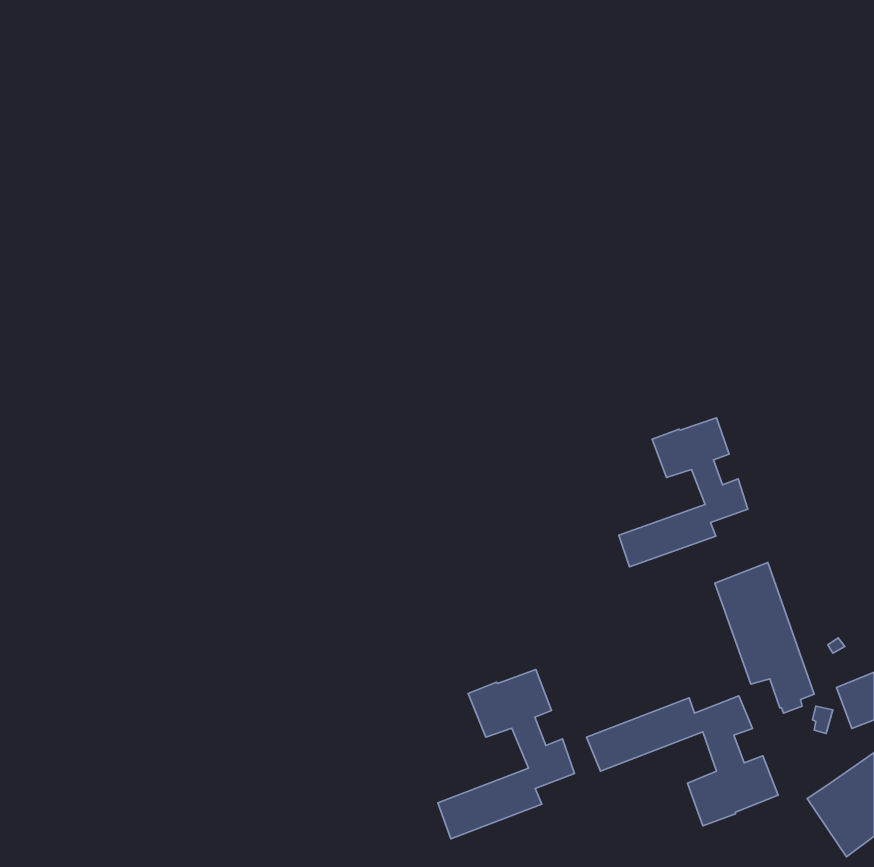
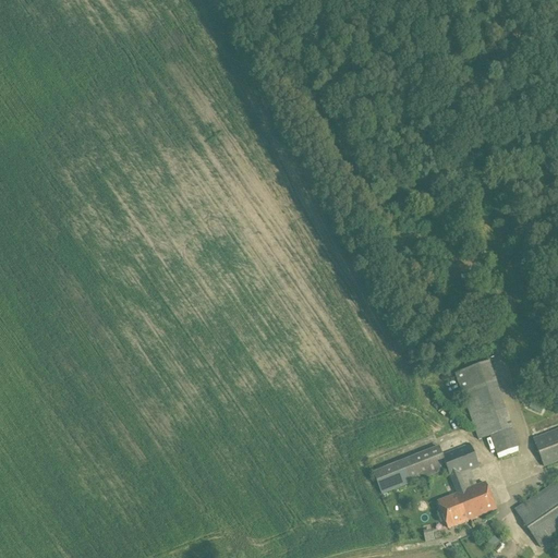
building: [619,418,748,567] -> none
building: [438,670,575,839] -> none

